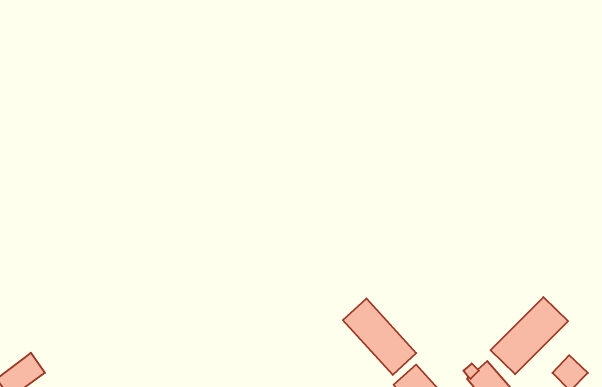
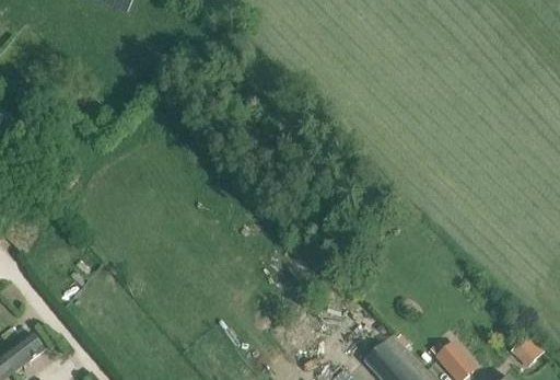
building: [491,297,568,374] -> none
building: [343,298,416,375] -> none

